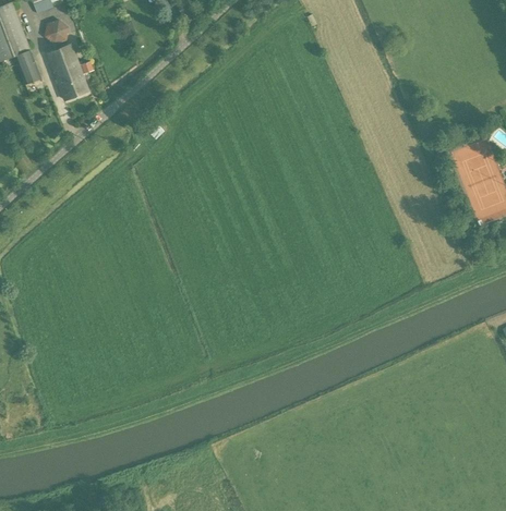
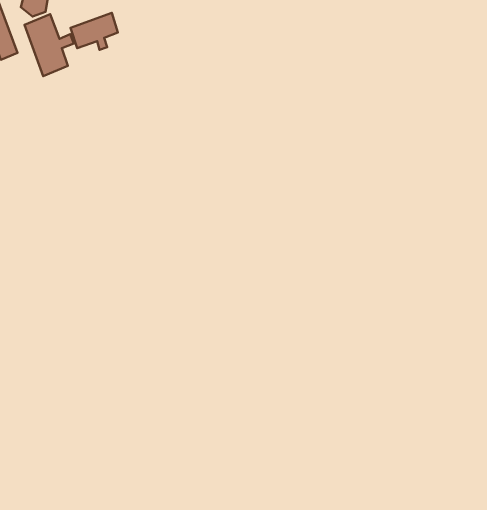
building: none -> [71,13,118,50]

